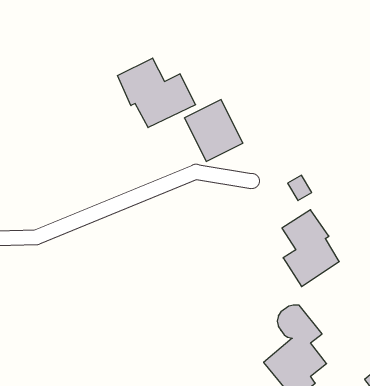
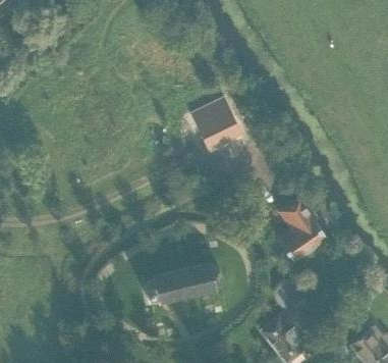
building: [117,58,196,128] -> none
building: none -> [145,264,220,304]

